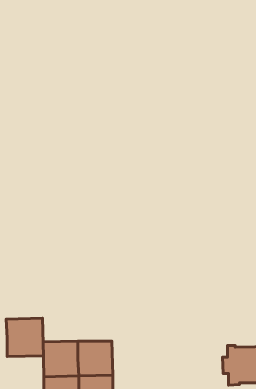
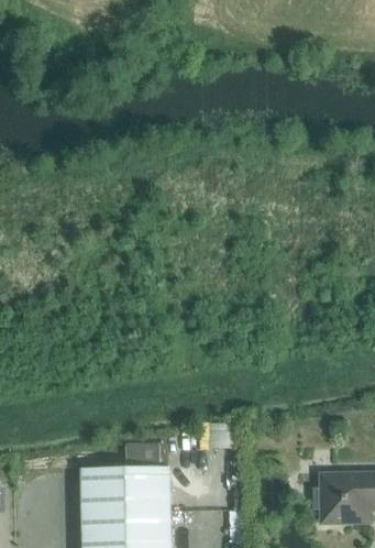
building: [6,318,43,357] -> none
building: none -> [126,443,161,468]

